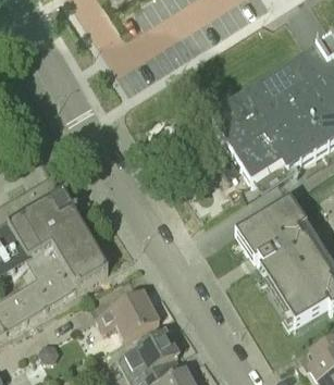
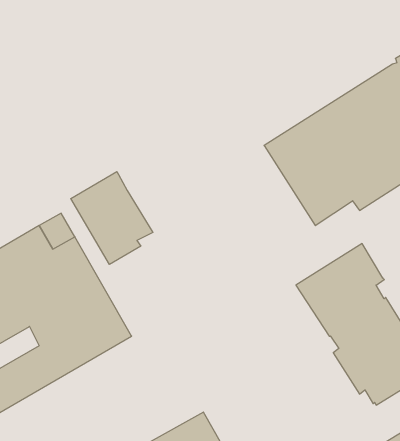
building: none -> [71,172,153,264]
building: [97,290,161,340] -> none

